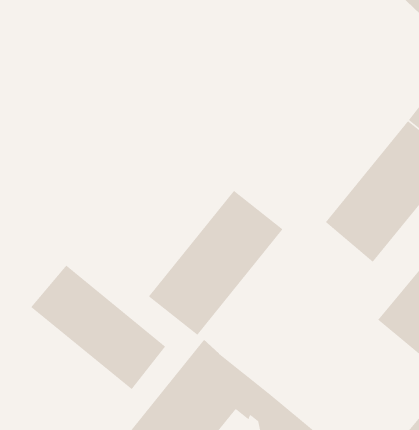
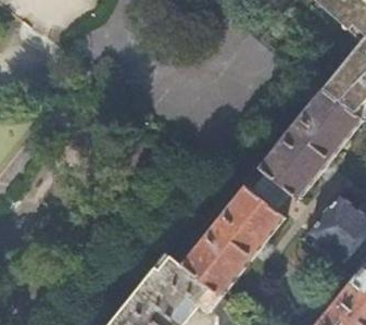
building: [148,190,284,336] -> [181,186,282,295]
building: [30,264,166,390] -> none

